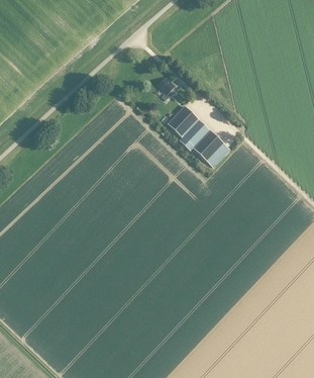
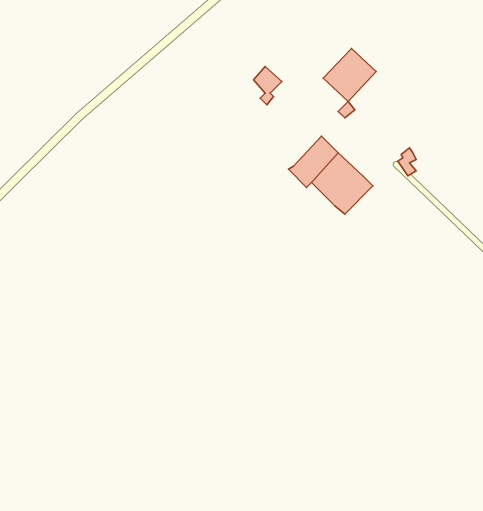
building: [167,104,199,136] -> [323,48,376,101]

